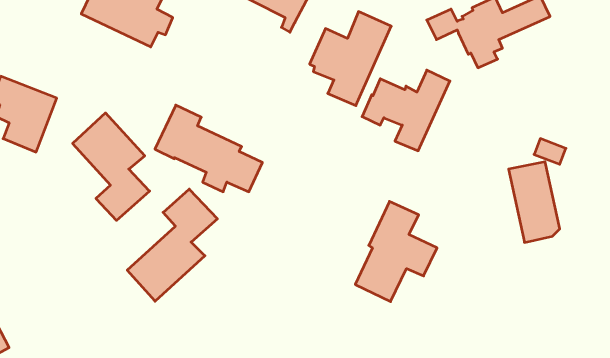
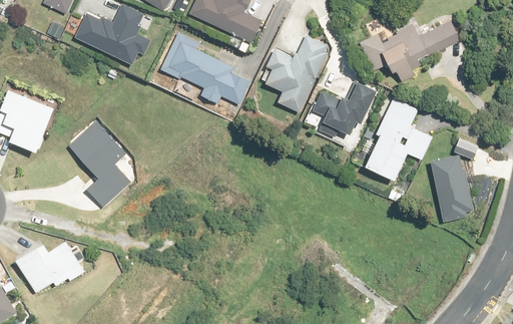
building: [155,105,262,192] -> [162,33,250,104]
building: [127,189,217,301] -> none
building: [355,201,437,302] -> [367,98,434,181]
building: none -> [15,240,84,292]

